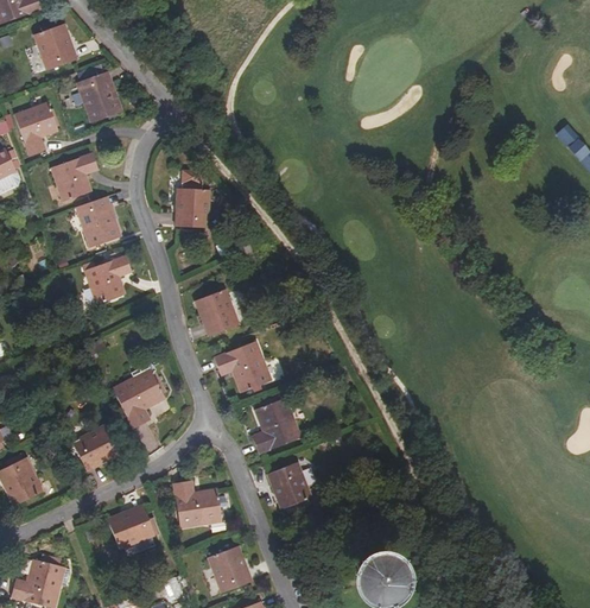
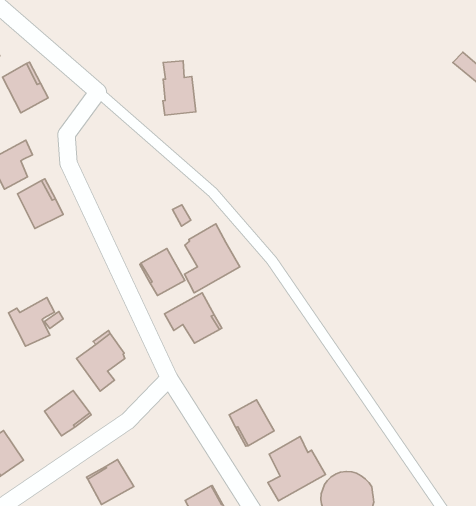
building: [176,170,210,227] -> [163,61,196,115]
building: [83,254,132,303] -> [9,297,54,346]
building: none -> [184,224,240,293]
building: [252,398,302,454] -> none
building: [173,480,222,528] -> none
building: none -> [268,436,325,501]

